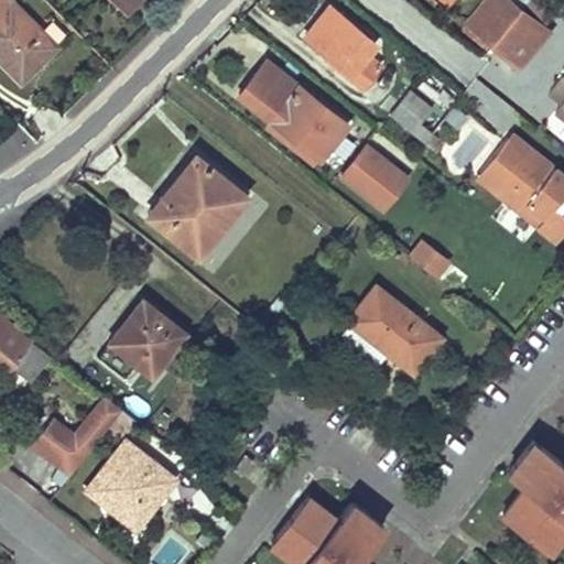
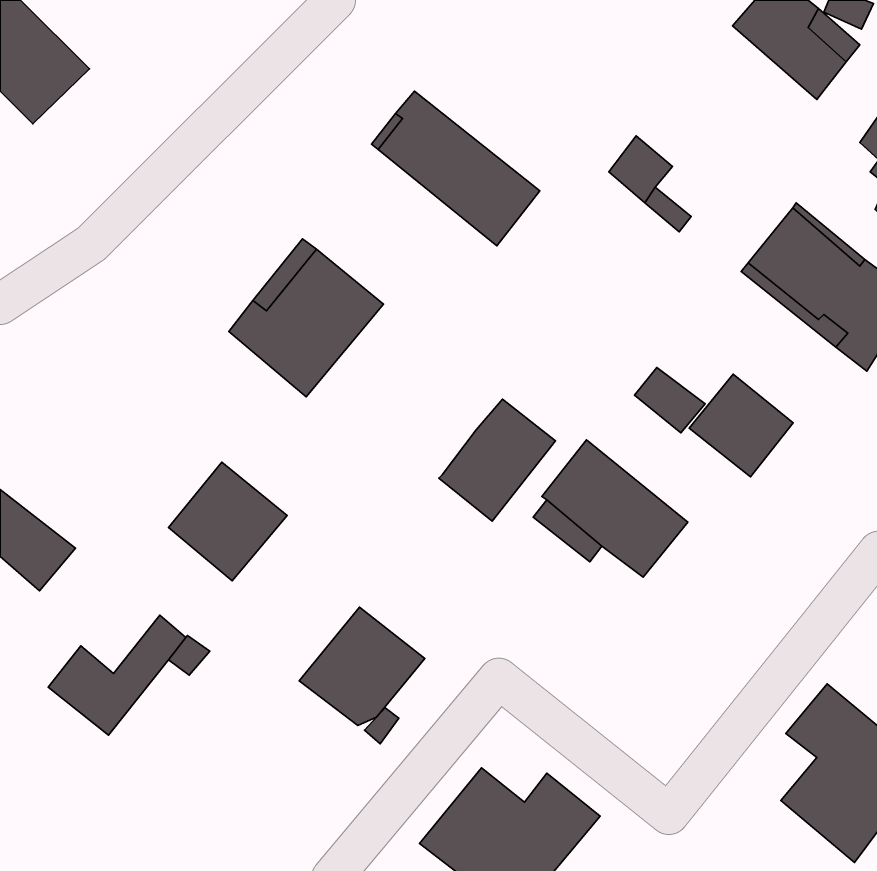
building: [306,9,379,88] -> none
building: [340,143,411,212] -> none
building: none -> [689,374,793,477]
building: none -> [439,399,555,521]
building: [93,449,173,525] -> [299,607,425,726]

